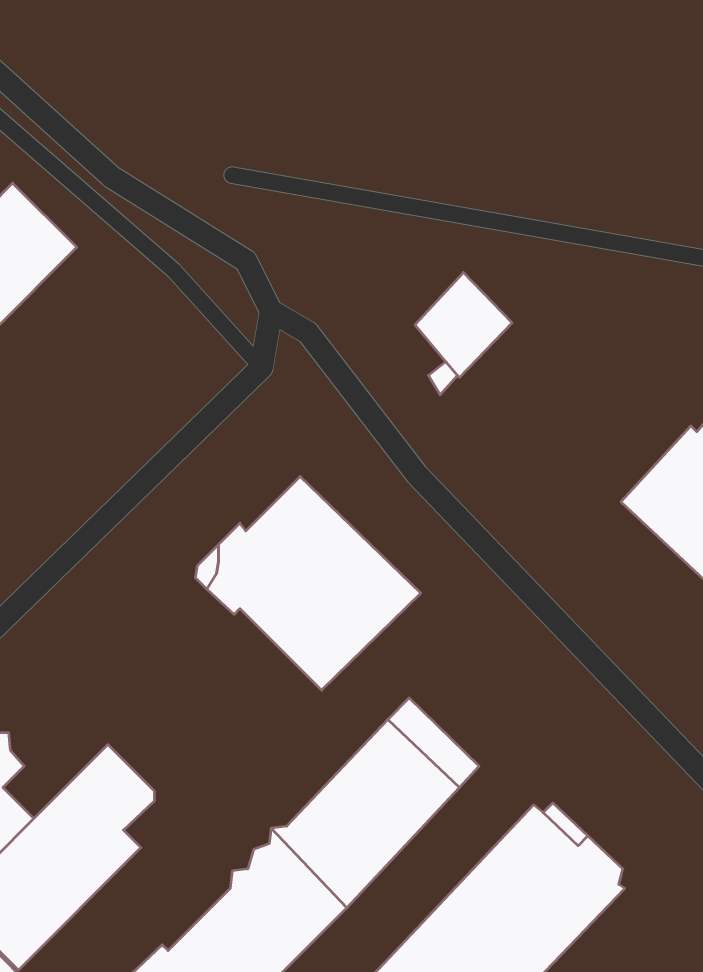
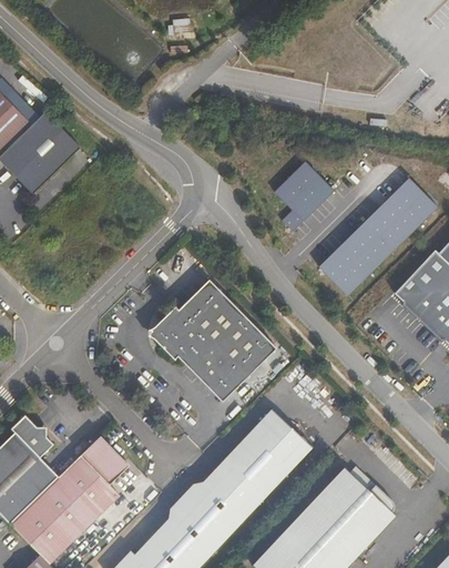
building: none -> [317,181,435,298]

